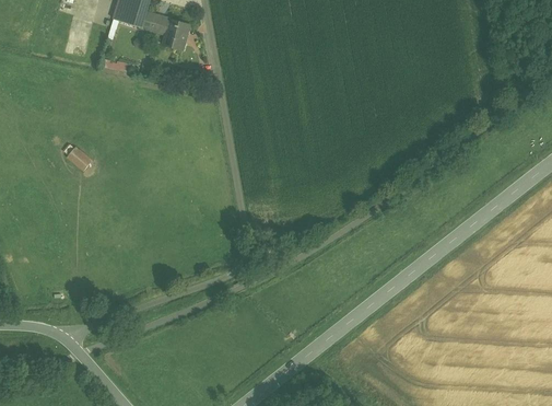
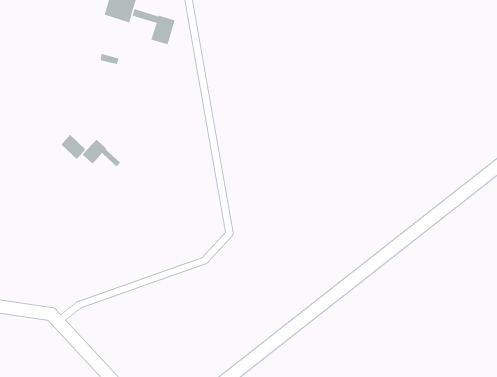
building: none -> [82,139,121,167]

